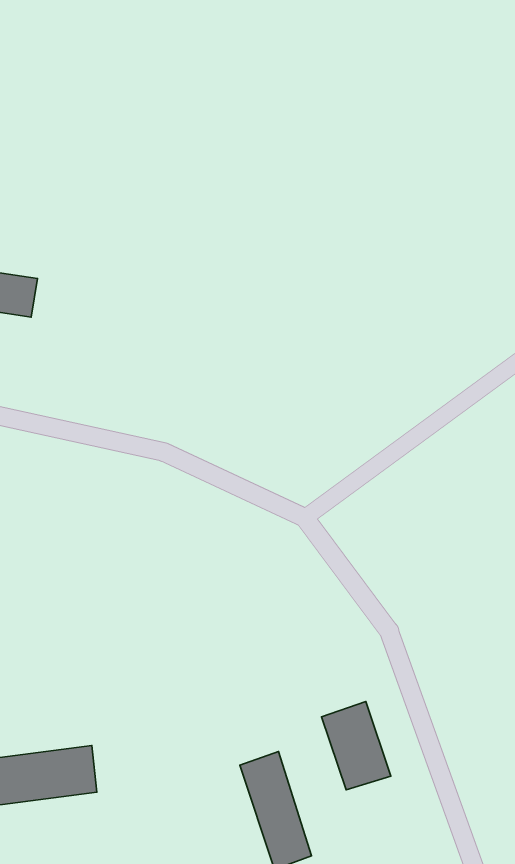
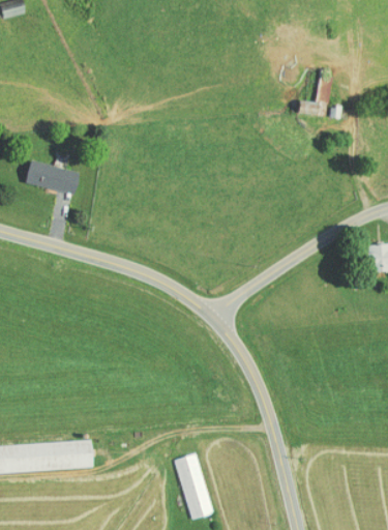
building: none -> [298,76,330,116]
building: [321,702,391,790] -> none

